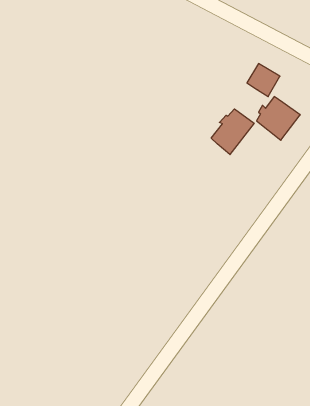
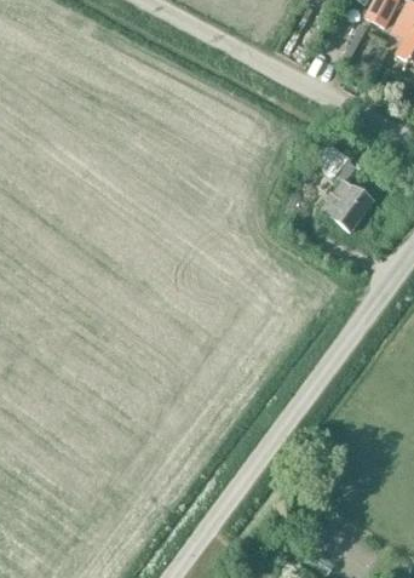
building: [211,109,254,155] -> none

